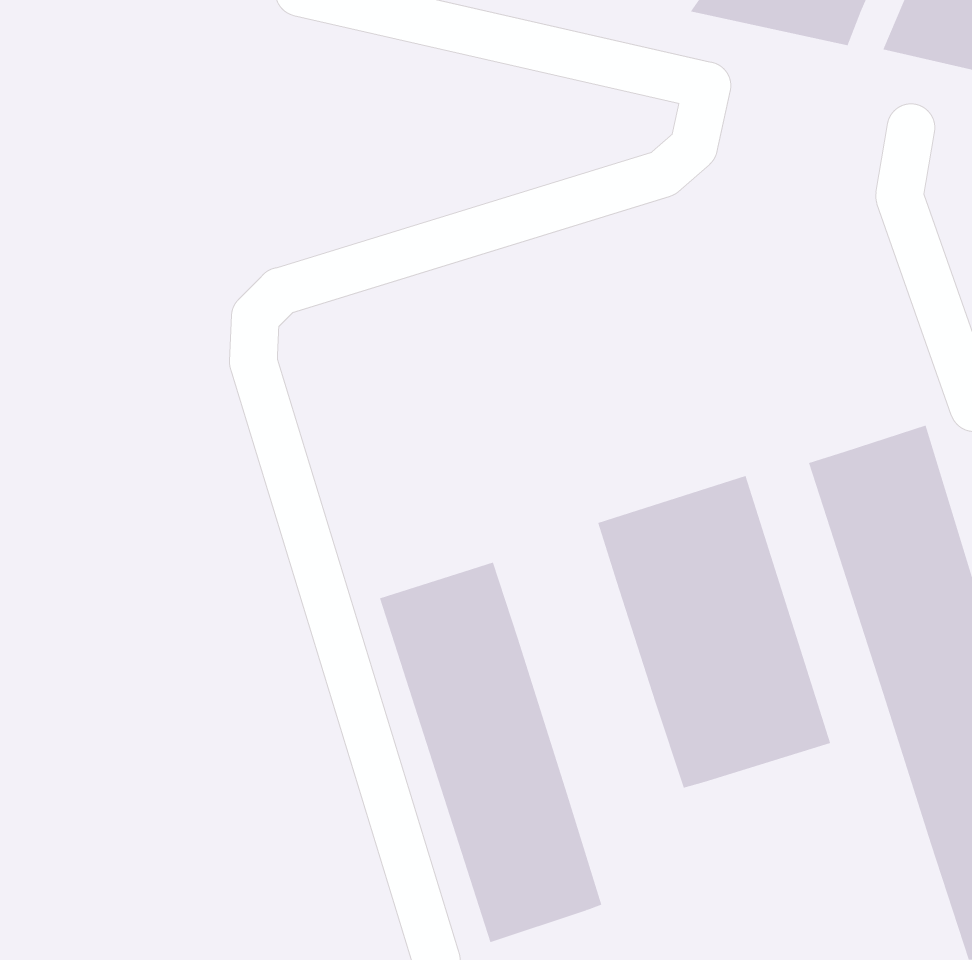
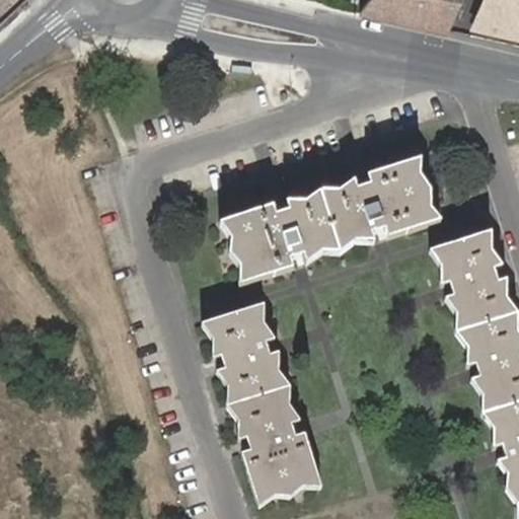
building: none -> [220,155,441,279]
building: [598,475,831,788] -> none

